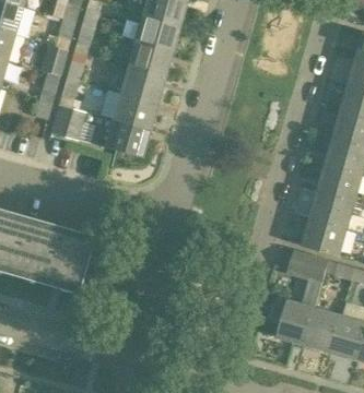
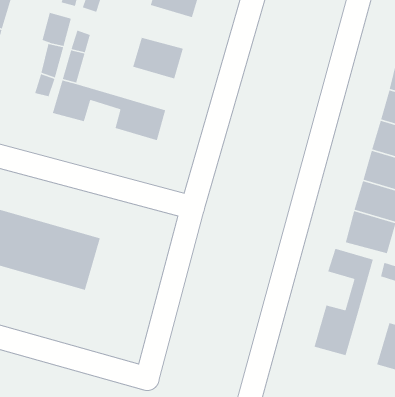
building: [127,39,172,76] -> none
building: [111,93,156,130] -> none
building: [305,307,342,352] -> none

